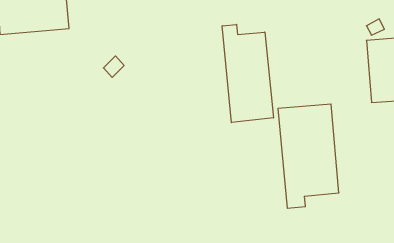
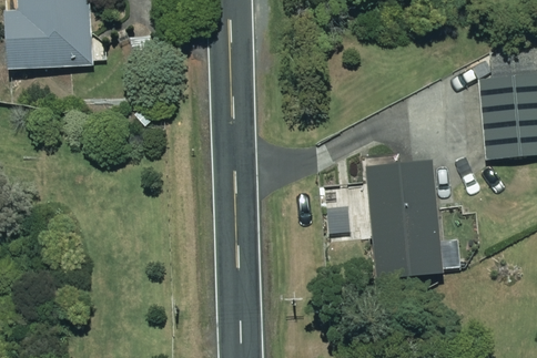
building: [222,24,273,123] -> none

